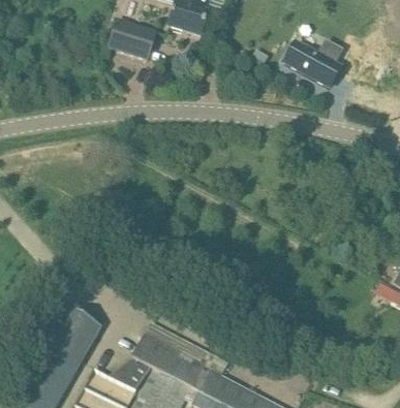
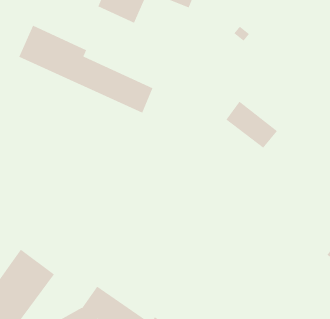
building: [283,40,338,86] -> [226,101,278,149]
building: none -> [18,25,153,114]

